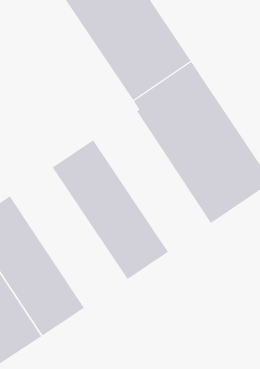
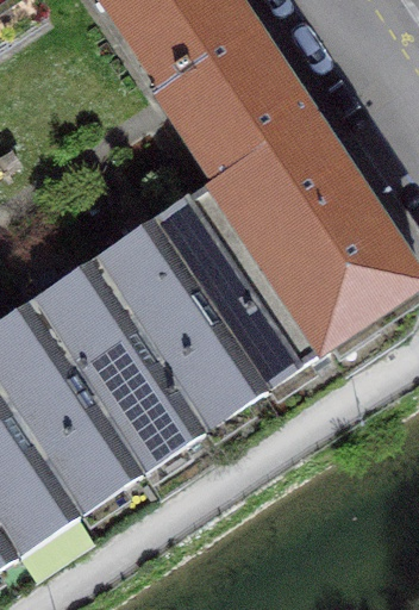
building: none -> [161,172,334,380]
building: none -> [37,255,211,463]

